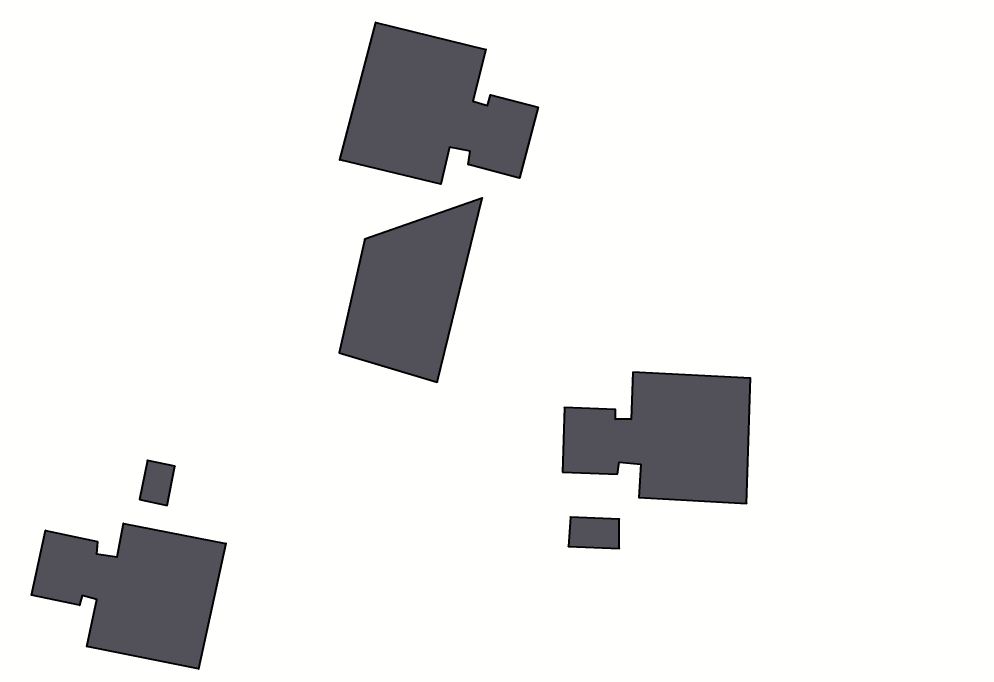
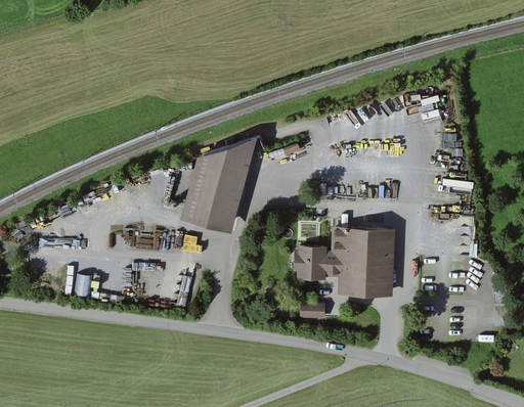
building: [340,22,538,184] -> none
building: [31,523,226,669] -> none

